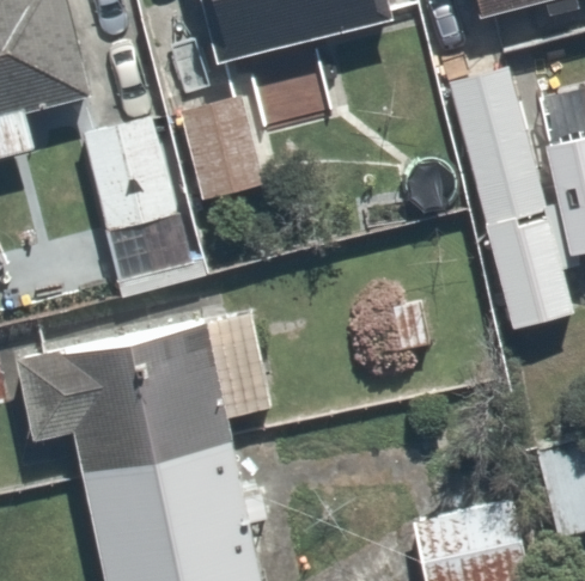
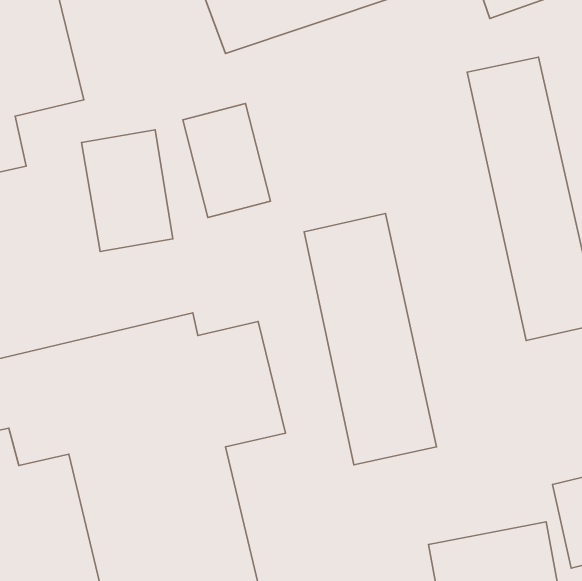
building: none -> [304,213,437,465]

